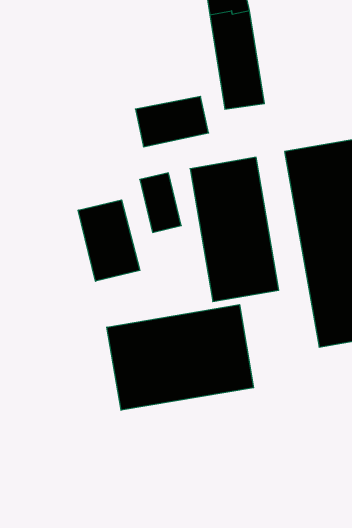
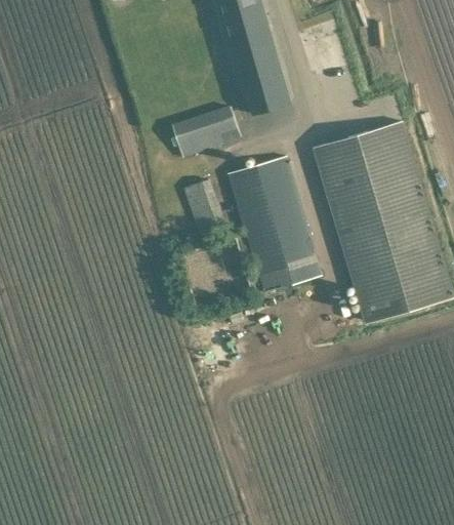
building: [78,200,140,281] -> none
building: [107,305,254,410] -> none

